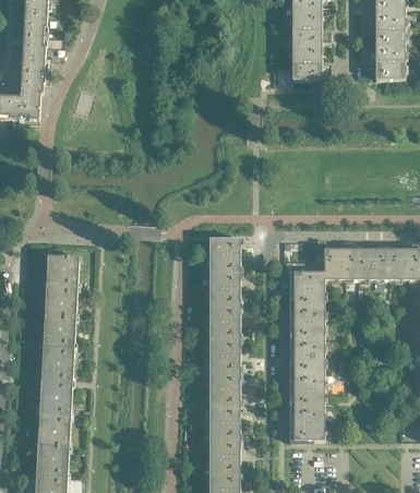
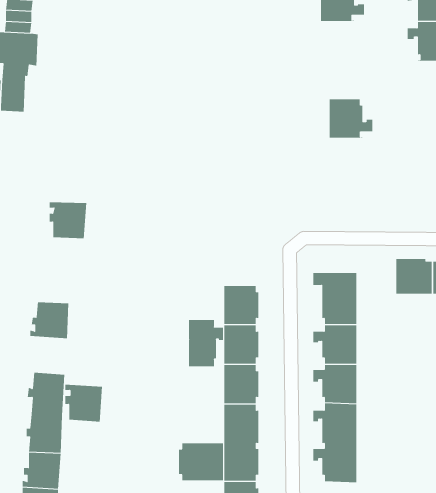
building: [291,45,329,79] -> [329,99,373,138]
building: [208,237,239,270] -> none
building: [323,240,356,279] -> none
building: [46,254,79,286] -> [49,202,87,239]
building: none -> [189,319,223,367]
building: [43,314,75,347] -> [65,384,103,422]
building: none -> [179,443,223,481]

